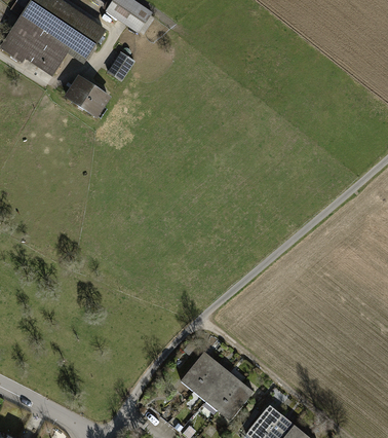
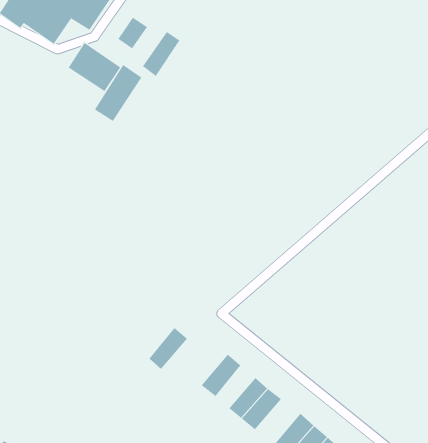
building: none -> [142,31,180,77]
building: none -> [94,64,142,122]
building: [195,363,230,401] -> [149,327,188,370]

